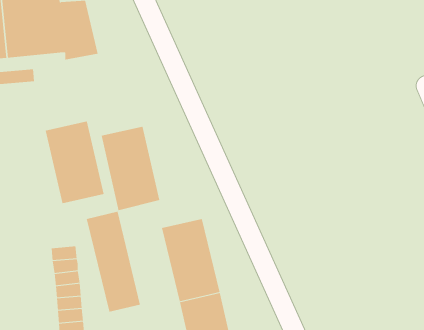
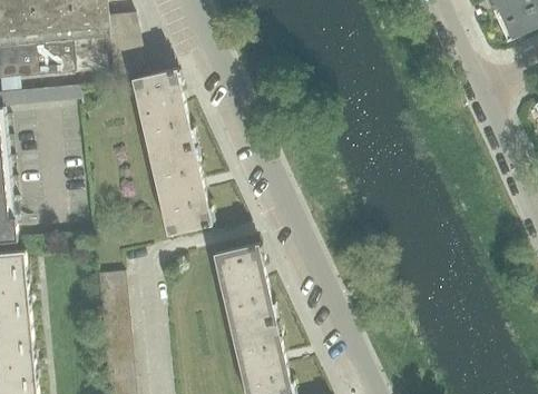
building: [45,121,104,204] -> [131,69,194,156]
building: [86,211,141,313] -> none

